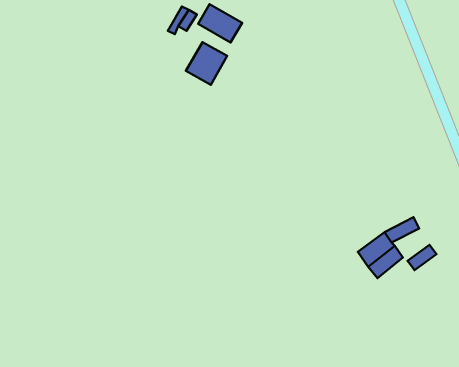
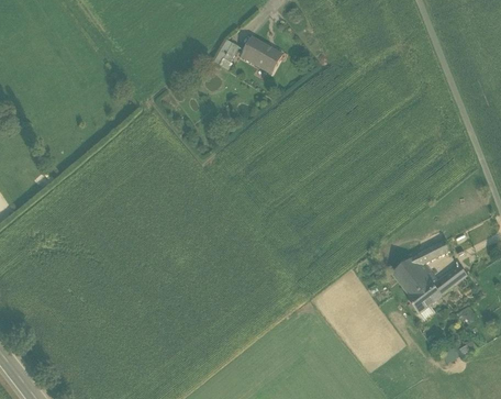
building: [186,42,227,85] -> none
building: none -> [405,274,444,308]

